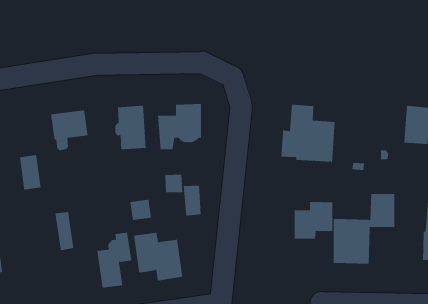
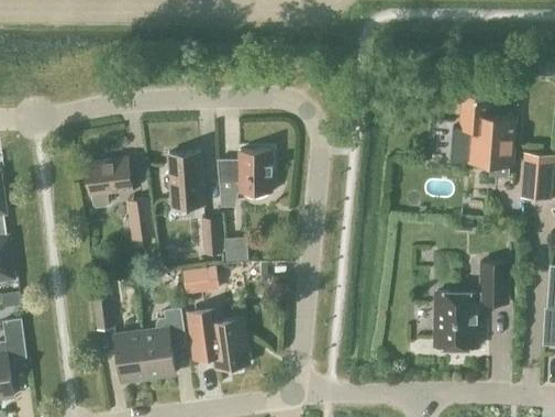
building: [280,104,336,163] -> [448,96,517,168]
building: [19,154,41,190] -> [126,198,154,242]
building: [183,185,201,216] -> [200,217,223,255]
building: [294,201,333,240] -> none
building: none -> [114,332,148,383]

